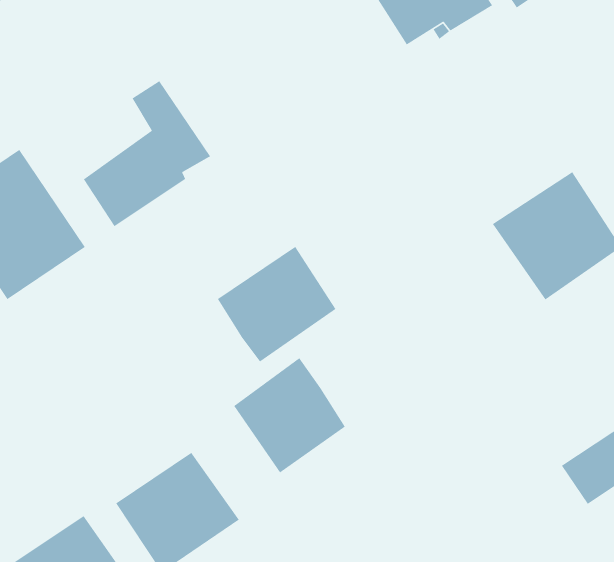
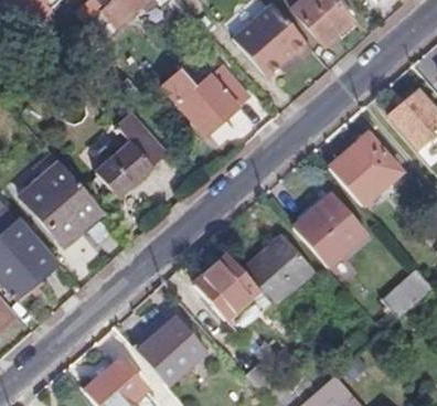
building: none -> [162,63,251,135]
building: [217,246,337,362] -> [243,235,310,302]
building: none -> [294,193,366,265]

